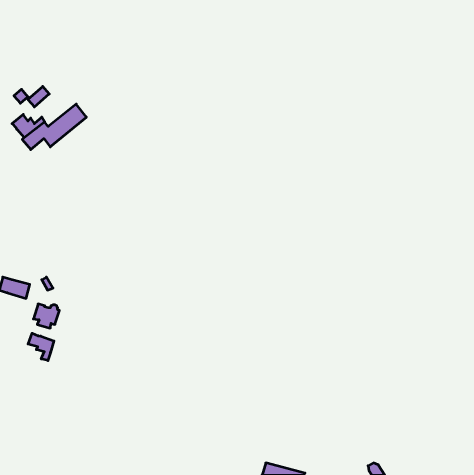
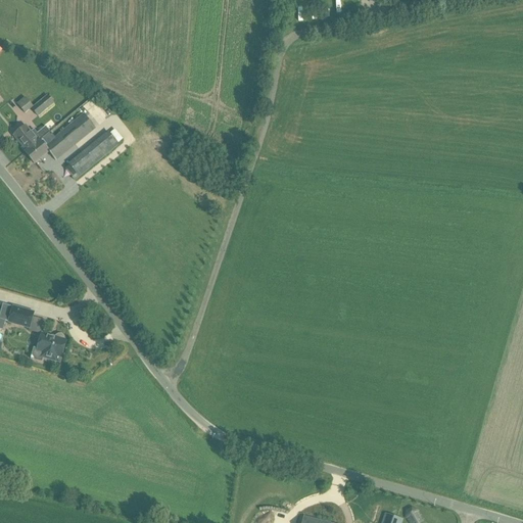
building: none -> [68,134,116,177]
building: [28,333,54,361] -> none

